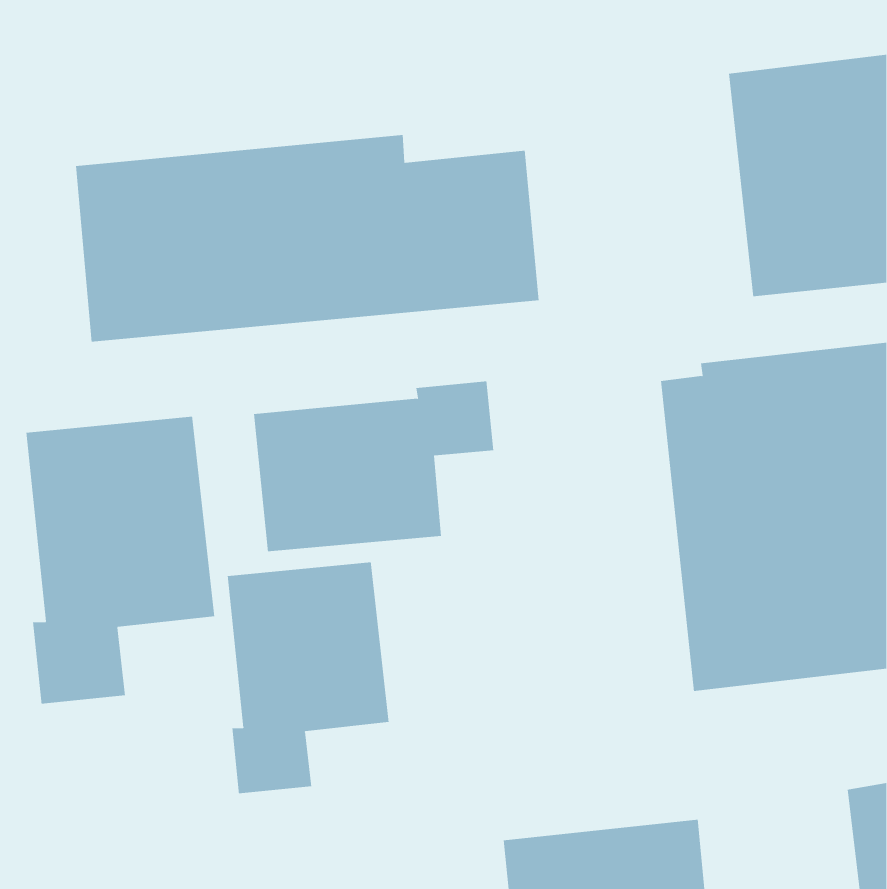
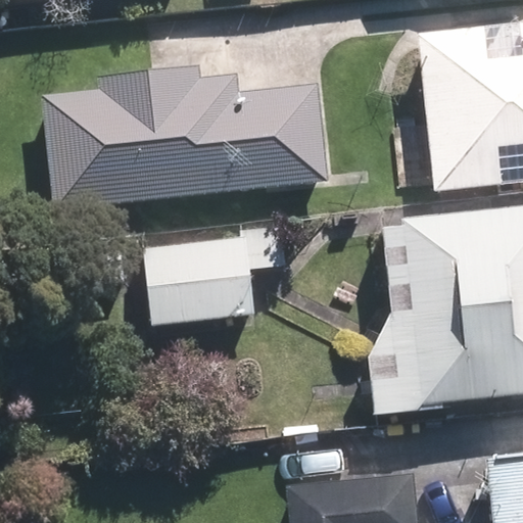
building: [26,416,215,704] -> none
building: [227,561,389,794] -> none

